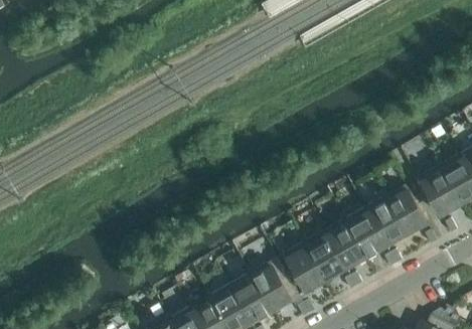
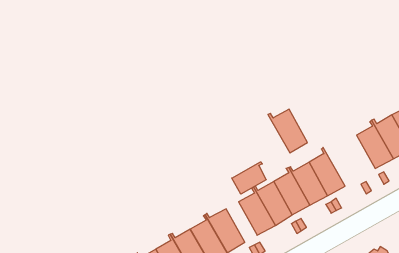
building: [381,185,427,235] -> [268,109,307,153]
building: none -> [232,162,266,194]

